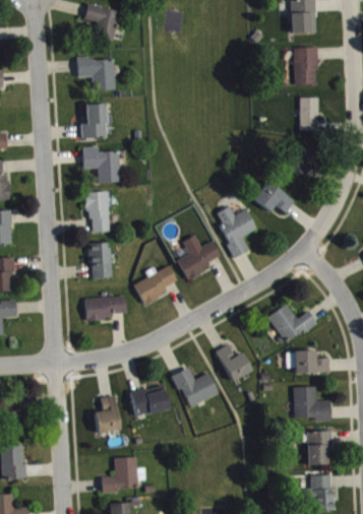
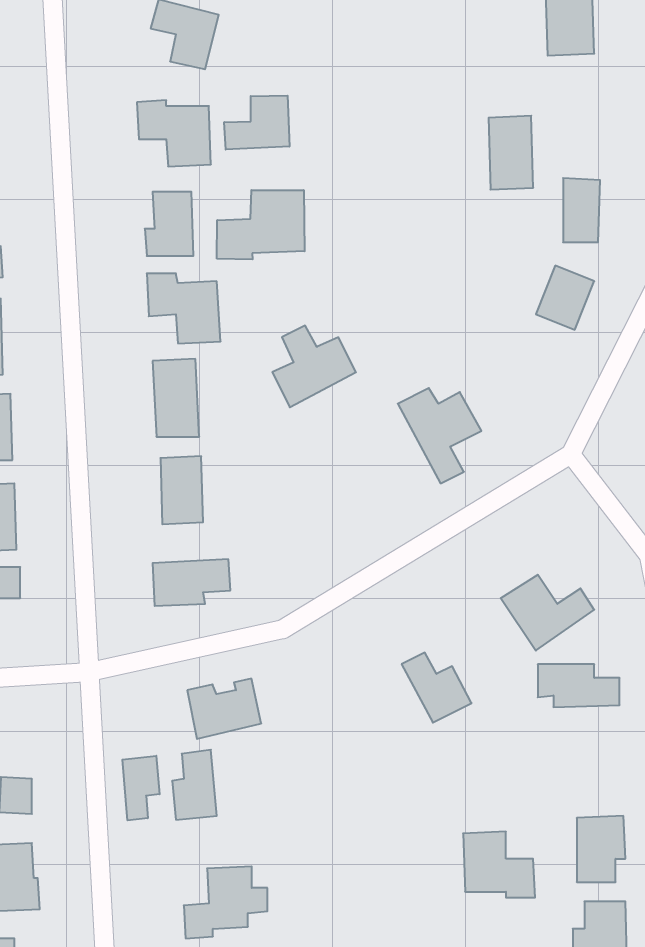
building: [294,48,317,86] -> [489,116,533,190]
building: none -> [224,96,289,150]
building: none -> [217,190,305,259]
building: [254,182,295,213] -> none
building: [178,236,222,278] -> [272,326,356,407]
building: [134,266,179,303] -> none
building: [174,368,219,408] -> none
building: [130,386,169,417] -> [187,679,261,739]
building: [294,387,331,422] -> [463,832,535,898]
building: none -> [122,756,160,820]

